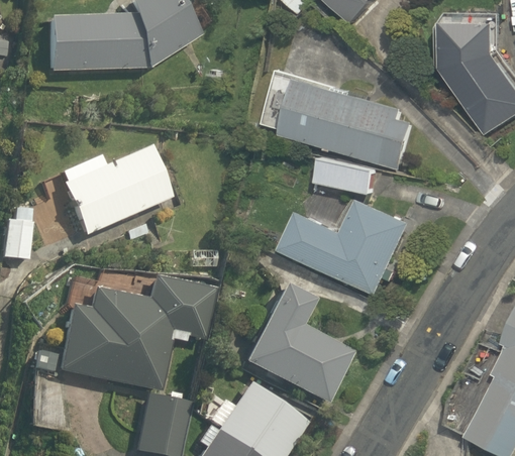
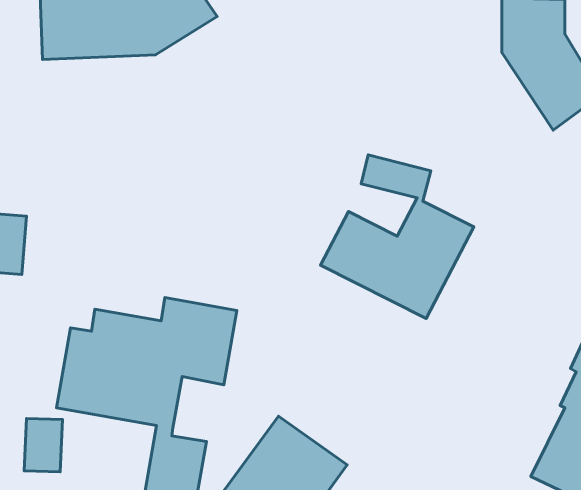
building: [266,73,417,163] -> none
building: [56,147,175,238] -> none
building: [241,284,354,405] -> none

